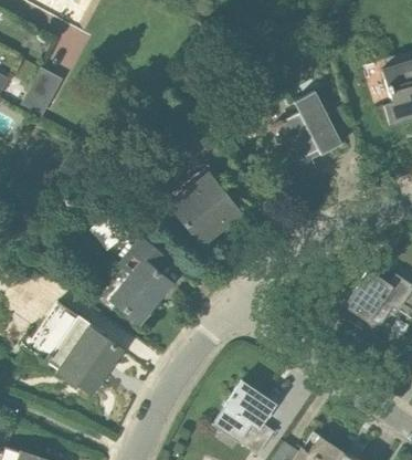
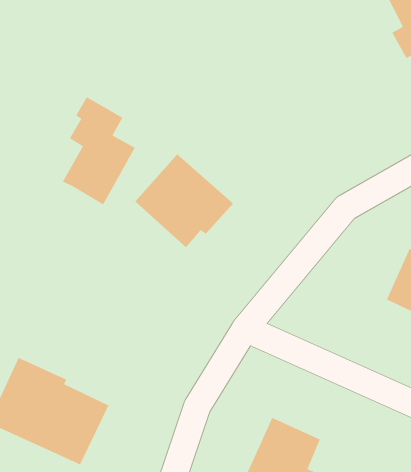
building: [274,92,341,186] -> none
building: [110,238,171,323] -> [62,96,136,205]

